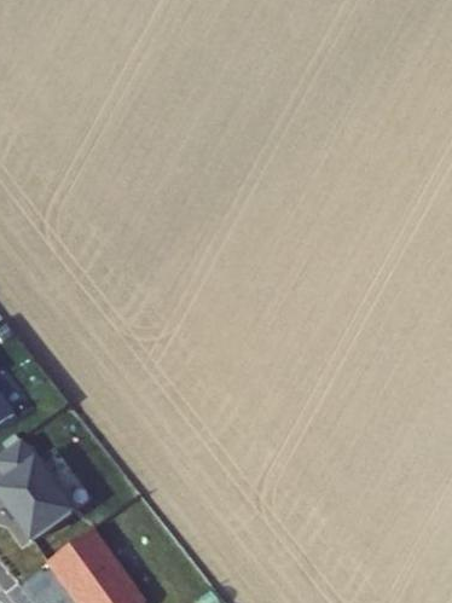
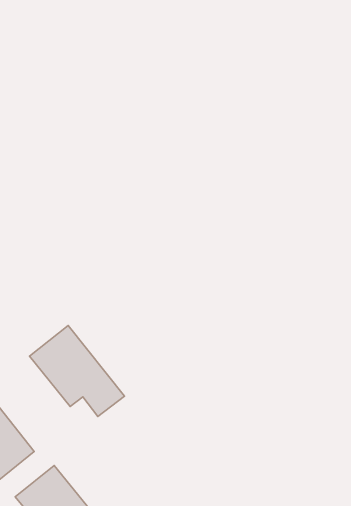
building: none -> [30,325,125,417]

